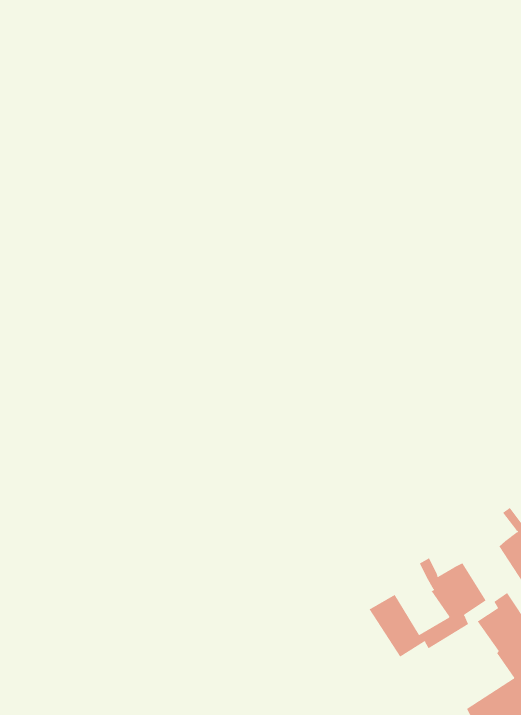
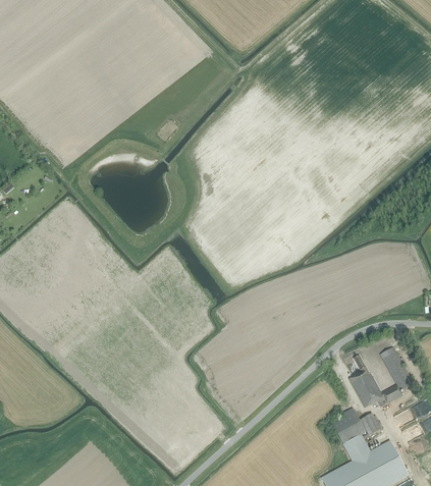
building: [369,557,487,658] -> none

